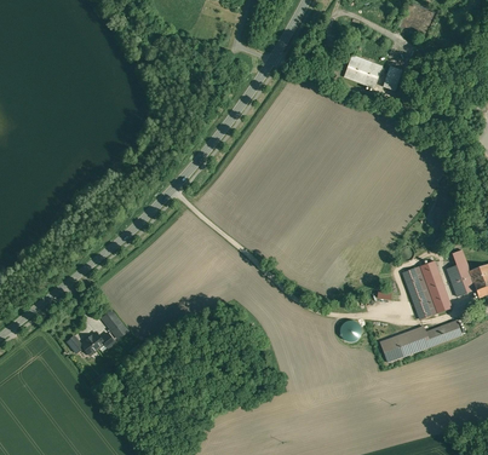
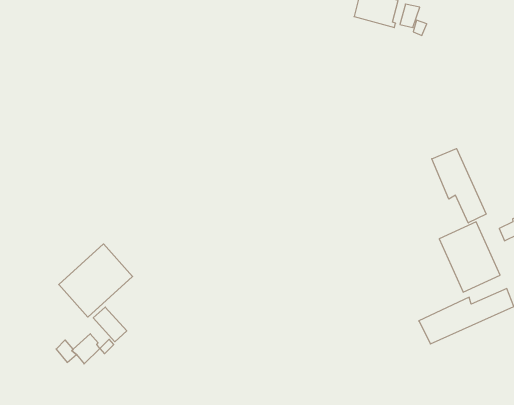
building: none -> [432,149,486,223]
building: none -> [59,244,133,317]

